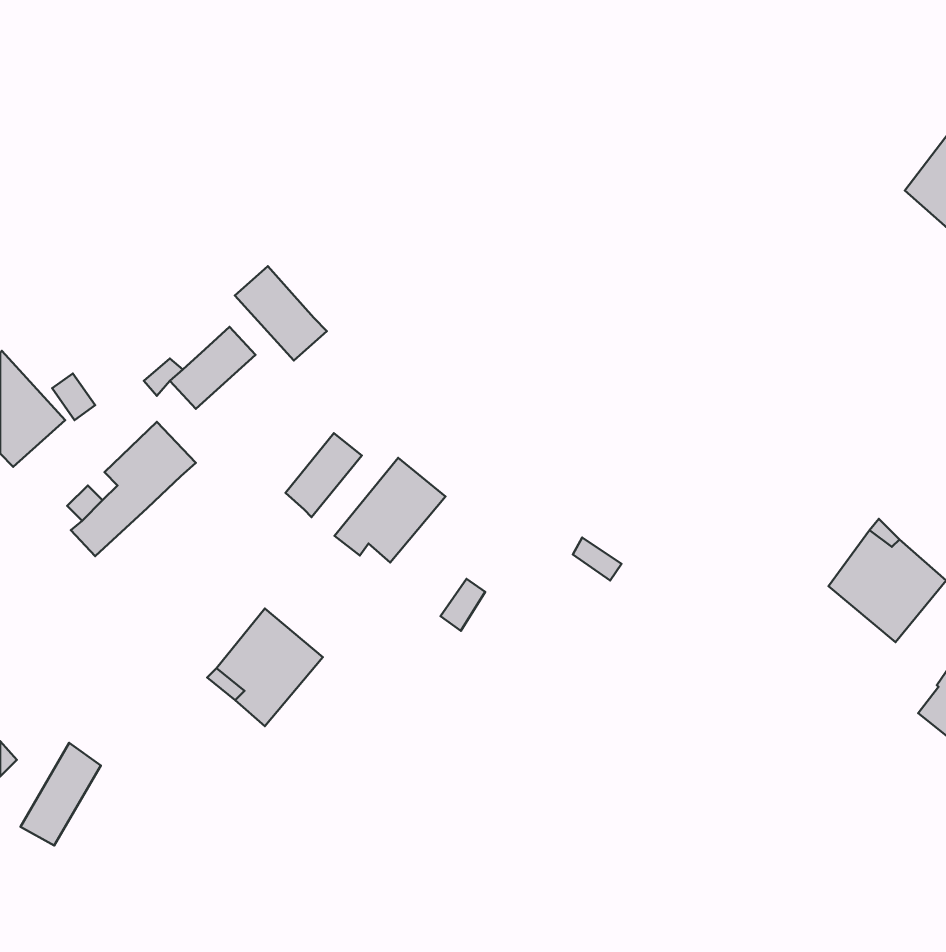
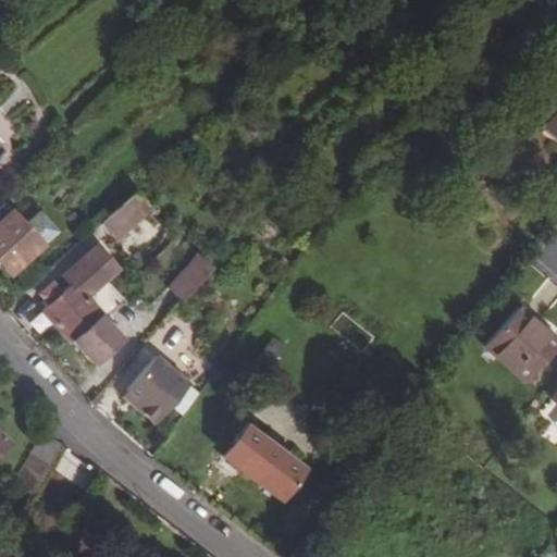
building: [235,266,327,360] -> none
building: [334,458,445,562] -> none
building: none -> [60,278,129,367]
building: none -> [226,426,305,498]

